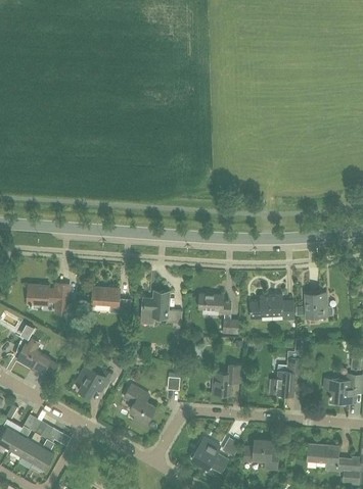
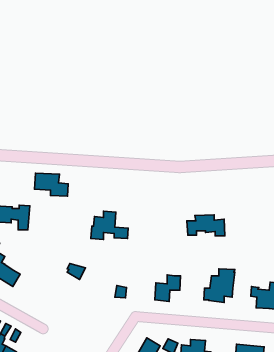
building: [91,287,130,313] -> [35,173,68,196]
building: [198,293,239,334] -> none
building: [306,293,332,315] -> none
building: [78,365,111,397] -> none
building: [123,385,154,428] -> none

